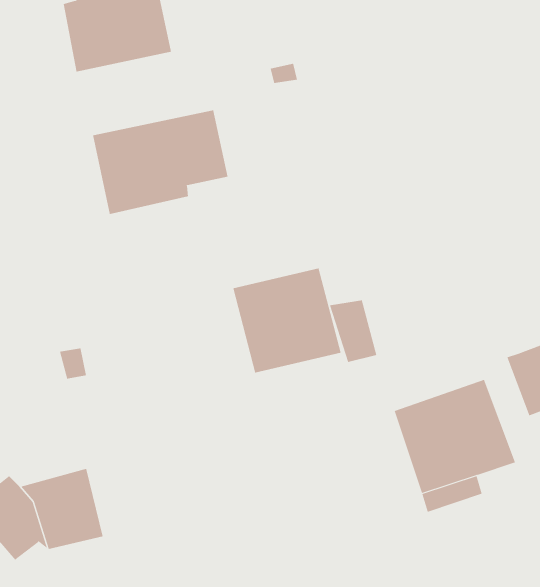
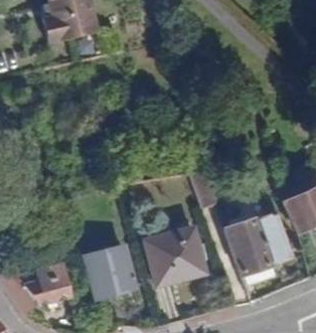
building: [92,110,228,215] -> none
building: [232,268,342,373] -> [144,223,203,281]
building: none -> [85,248,134,302]

